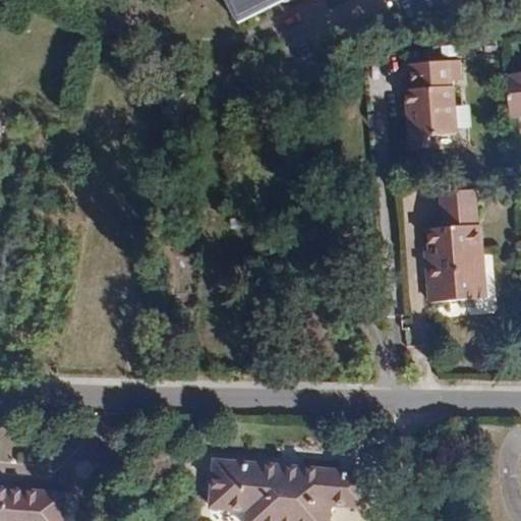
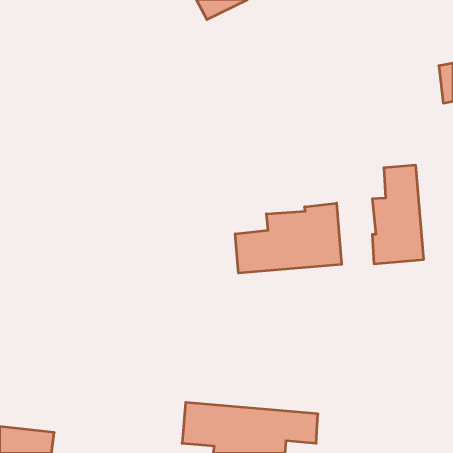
building: [404,60,460,149] -> none
building: none -> [235,203,342,273]

